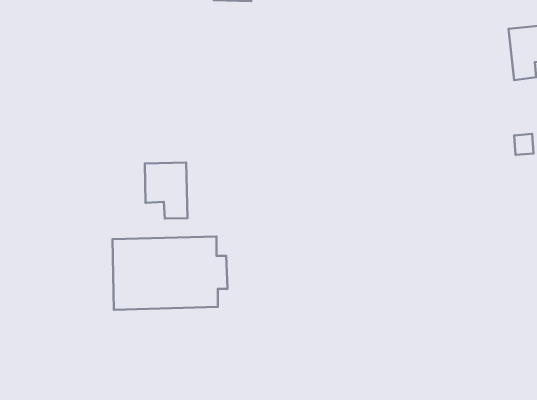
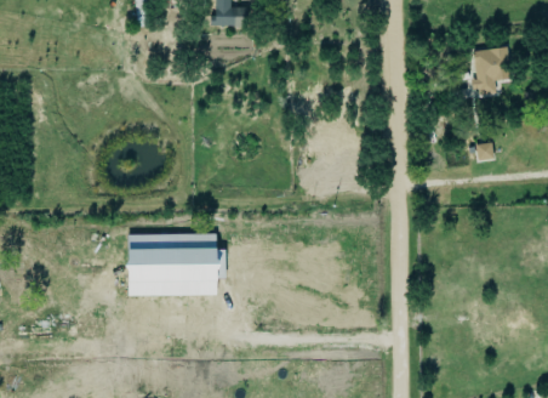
building: [145,162,188,218] -> none

